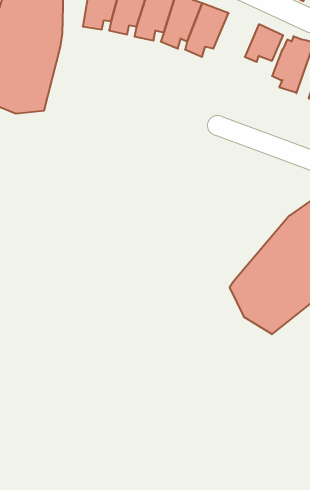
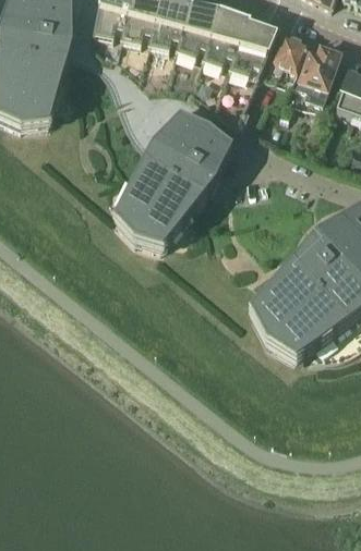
building: none -> [228,15,277,72]
building: none -> [113,103,232,246]

